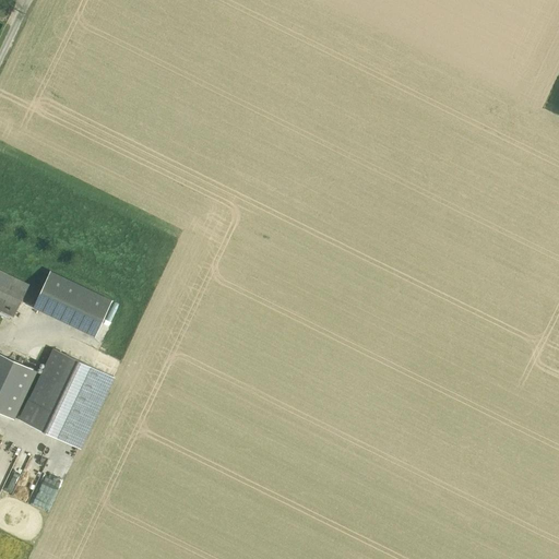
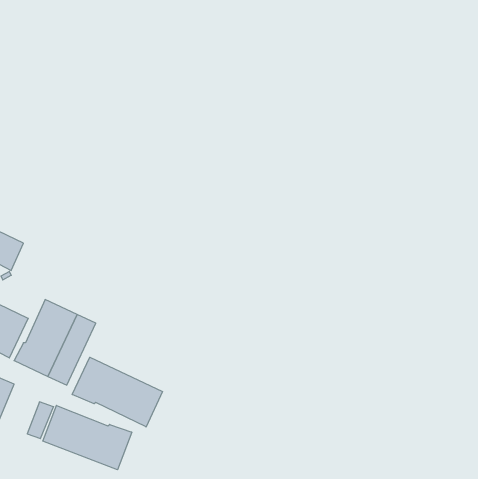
building: [32,271,110,335] -> none
building: none -> [72,357,163,427]
building: none -> [43,405,132,470]

